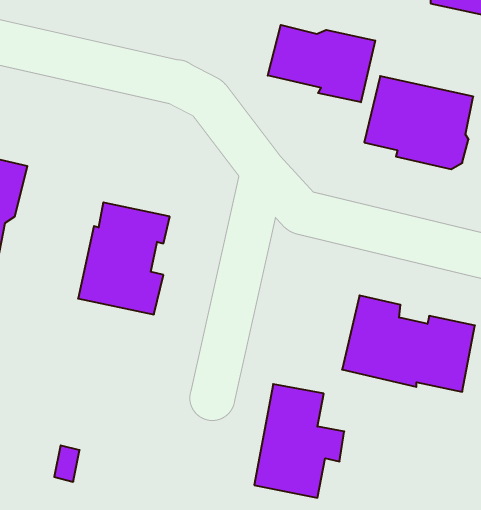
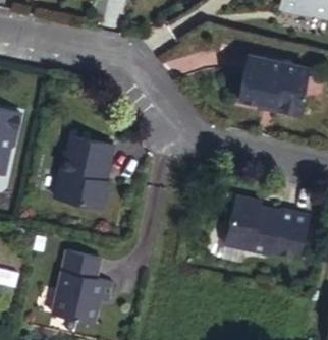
building: [268,25,375,102] -> none
building: [254,384,344,498] -> [55,249,113,323]

